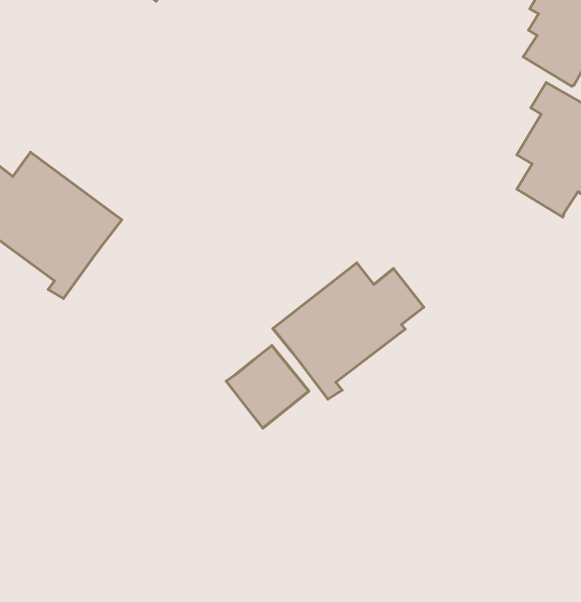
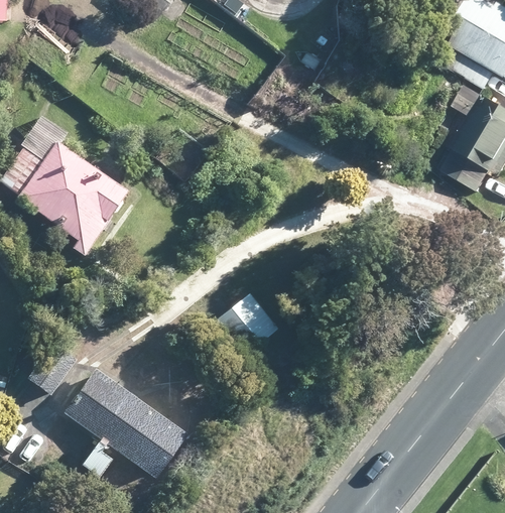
building: [273,263,424,399] -> none
building: none -> [62,366,185,478]

